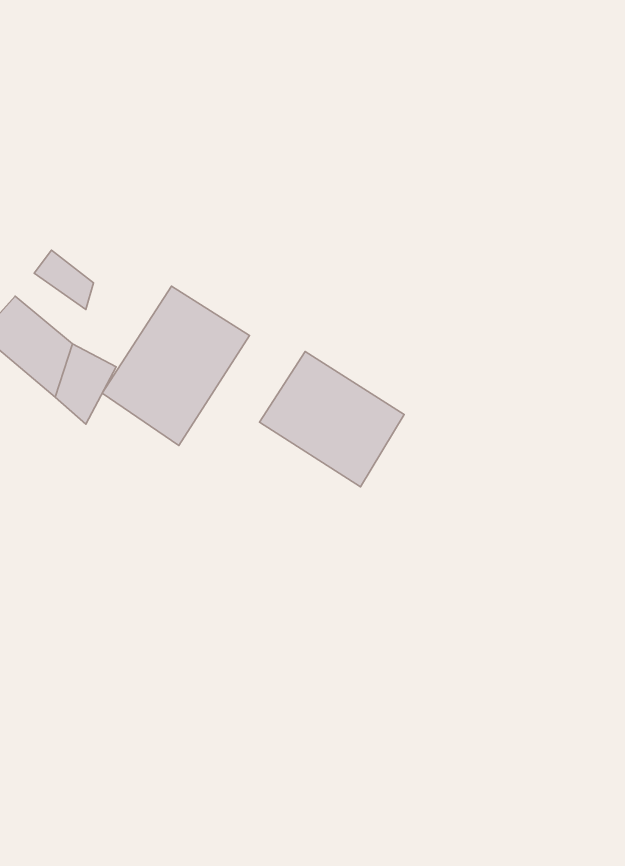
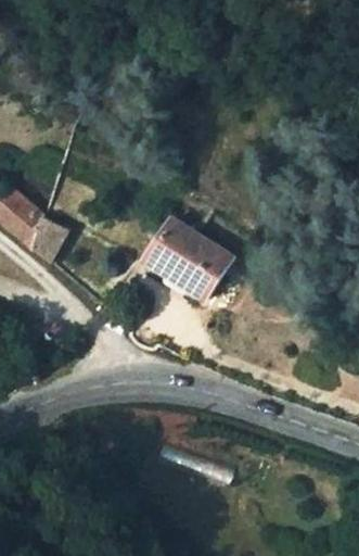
building: [102,286,249,445] -> none

